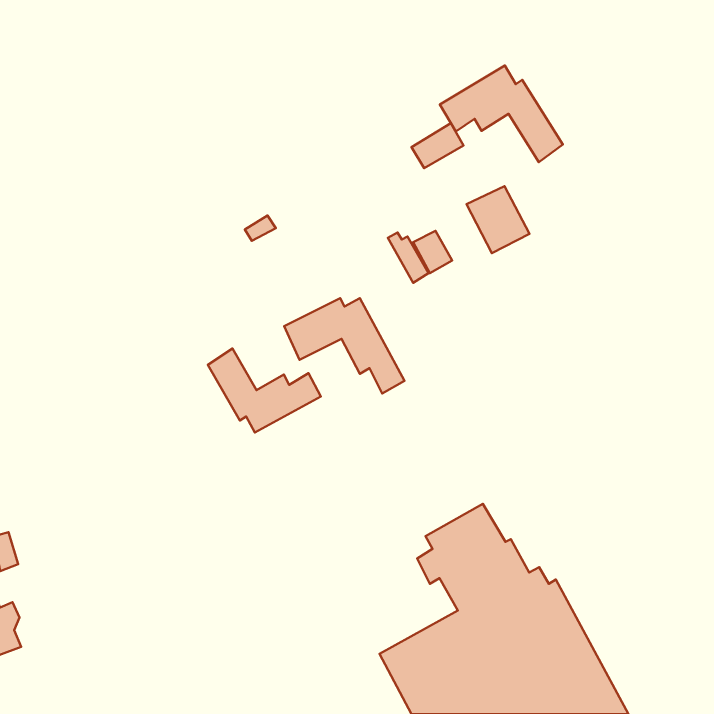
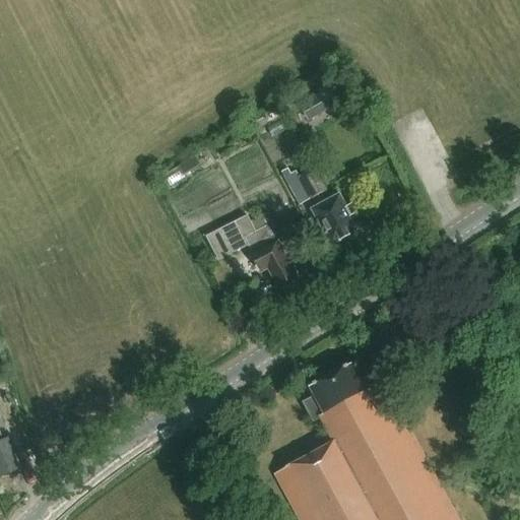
building: [440,66,563,162] -> none
building: [467,186,530,253] -> [312,196,358,245]
building: [208,348,321,432] -> none

